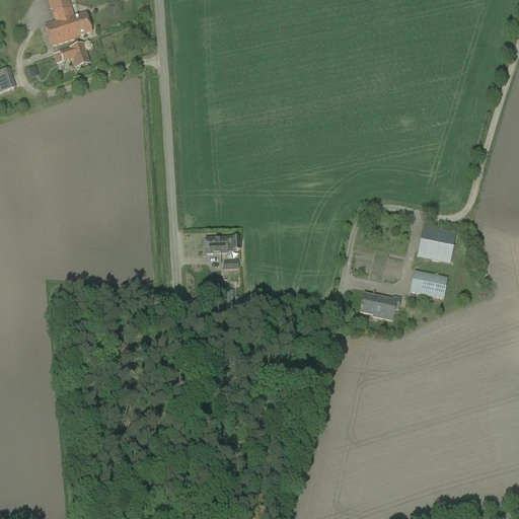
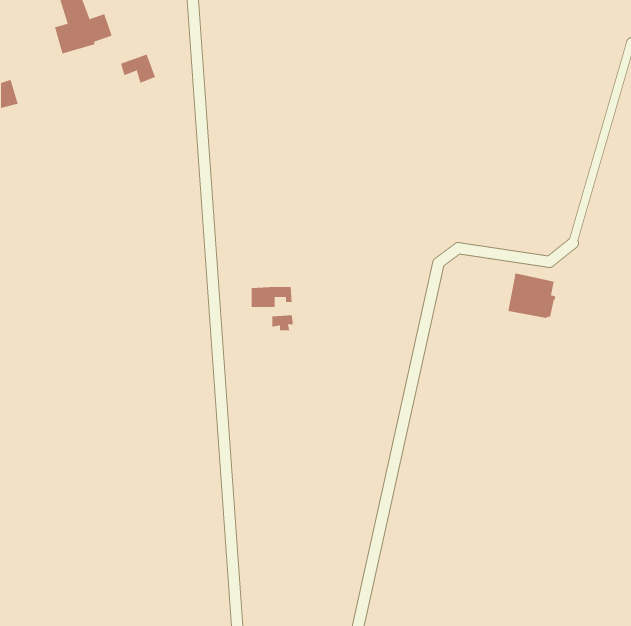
building: [60,42,89,66] -> [120,54,156,83]
building: [410,270,447,297] -> none
building: [359,292,400,318] -> none

